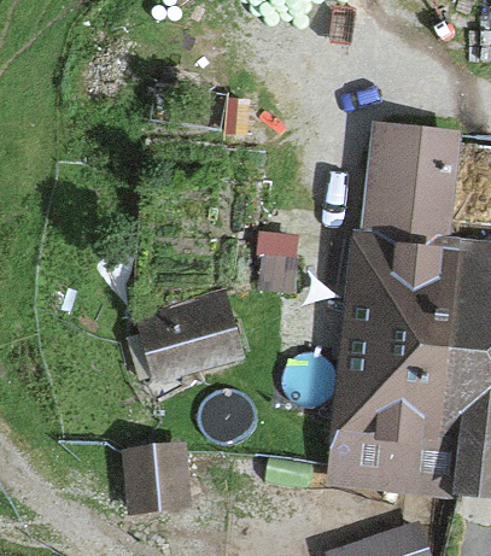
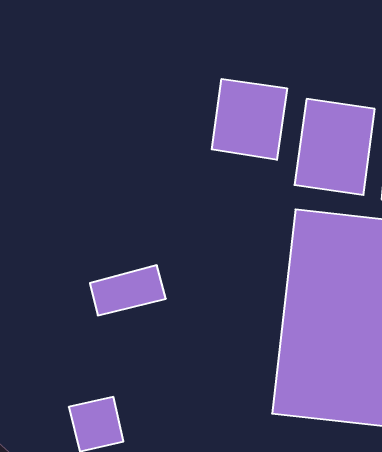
building: none -> [212,79,287,160]

